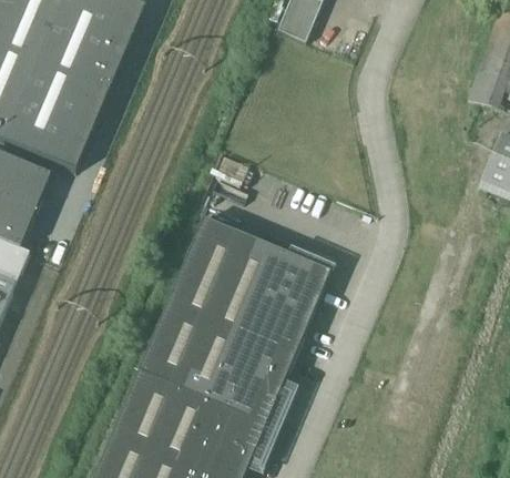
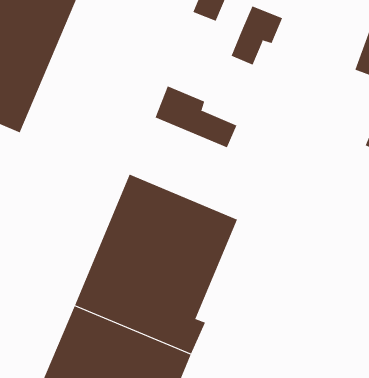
building: none -> [231,6,283,66]
building: none -> [155,86,237,148]

